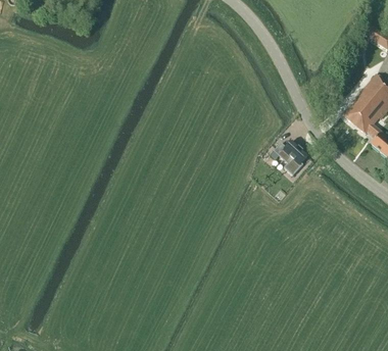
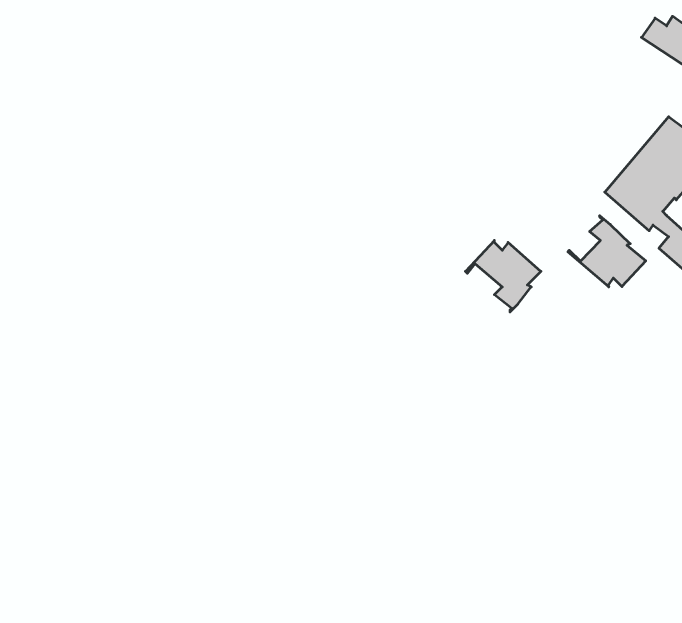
building: none -> [568,216,646,287]

